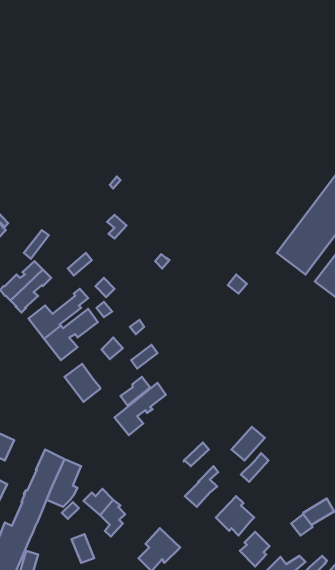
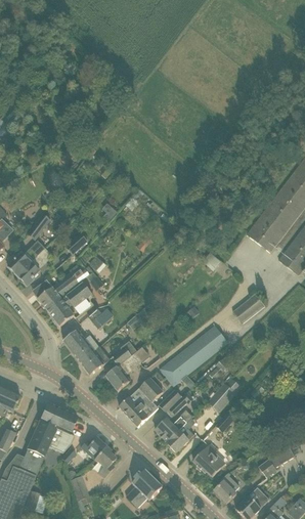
building: none -> [231,293,264,322]
building: none -> [160,325,227,388]
building: none -> [79,345,108,375]
building: none -> [118,377,163,426]
building: none -> [155,408,192,441]

